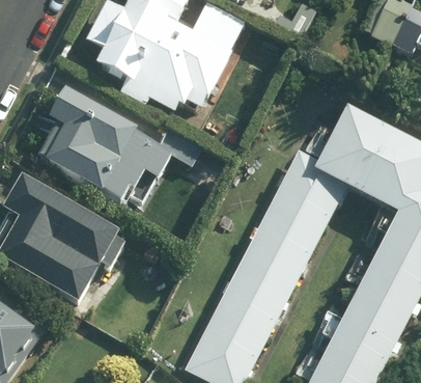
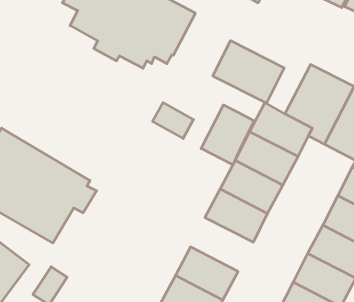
building: none -> [213,41,284,103]
building: [31,88,167,199] -> none
building: none -> [201,105,254,165]
building: [223,271,291,330] -> none

